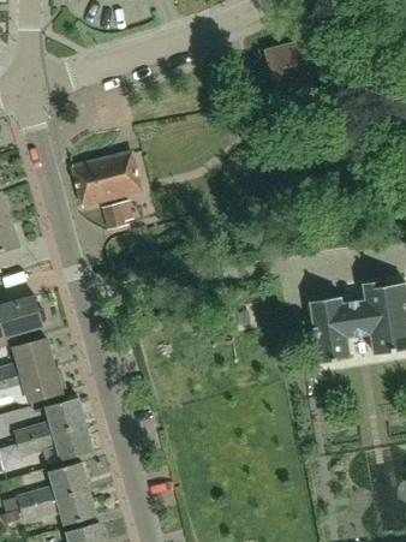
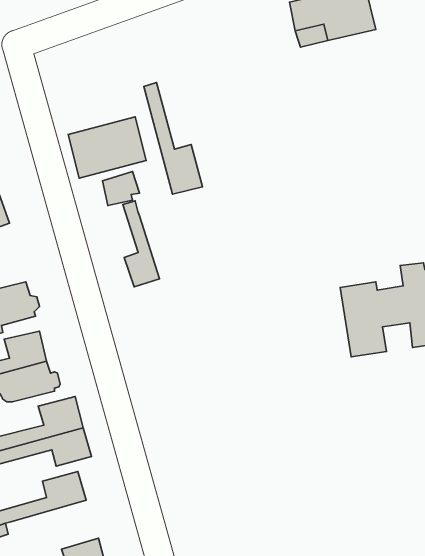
building: none -> [144,83,203,194]
building: none -> [123,201,159,287]
building: [22,488,96,523] -> none

